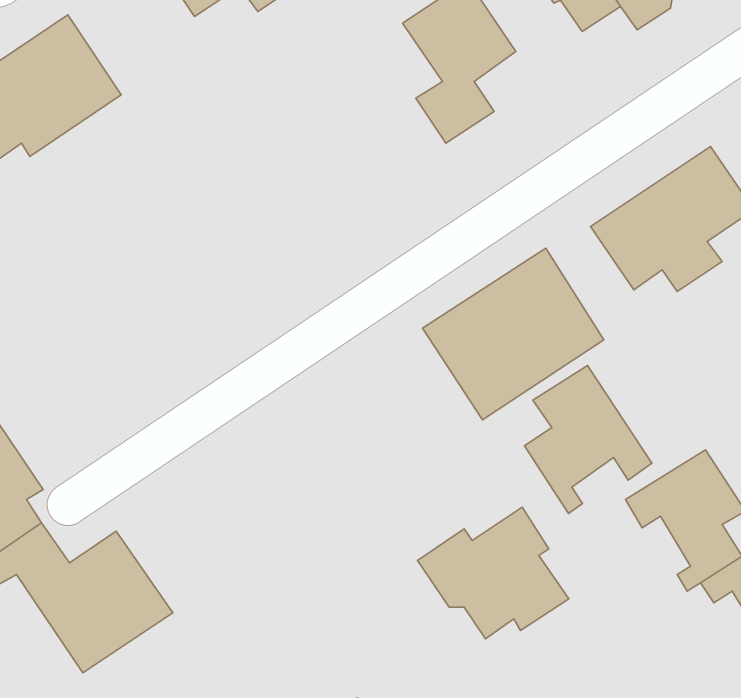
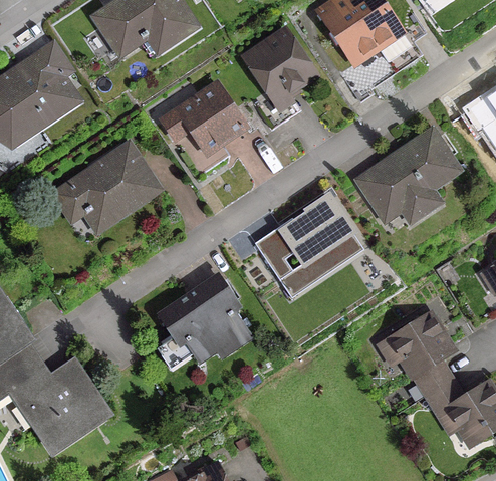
building: none -> [162,84,244,172]
building: none -> [54,146,155,229]
building: [524,365,652,513] -> none
building: [417,507,569,639] -> [158,282,249,362]

